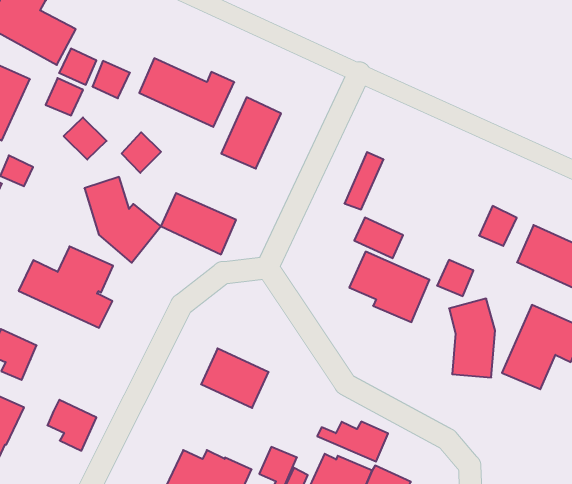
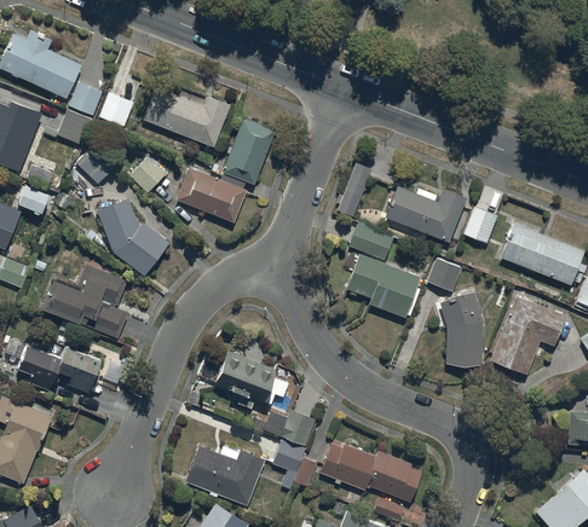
building: none -> [385,186,466,243]
building: [161,193,236,254] -> [177,168,246,222]
building: [47,400,96,451] -> [56,347,100,393]
building: [317,422,388,462] -> [250,411,316,447]

